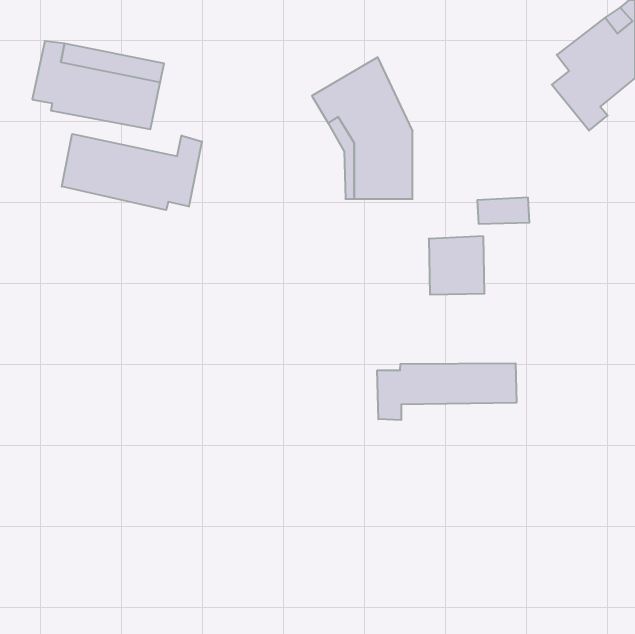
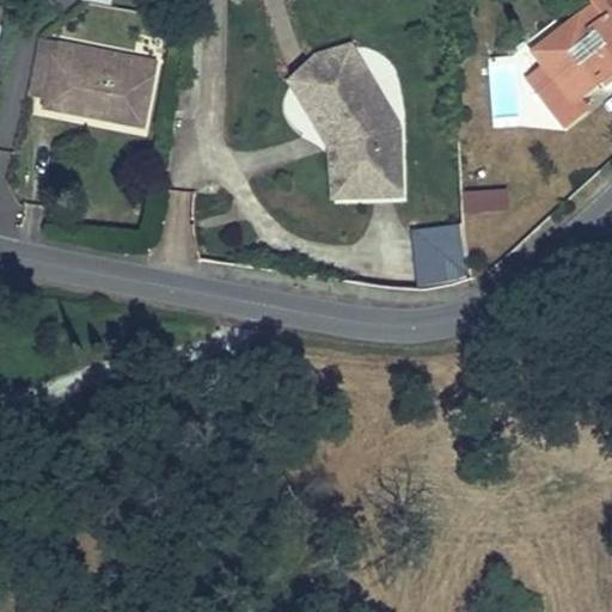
building: none -> [287,35,363,93]
building: [62,134,202,210] -> none
building: [377,363,516,420] -> none

